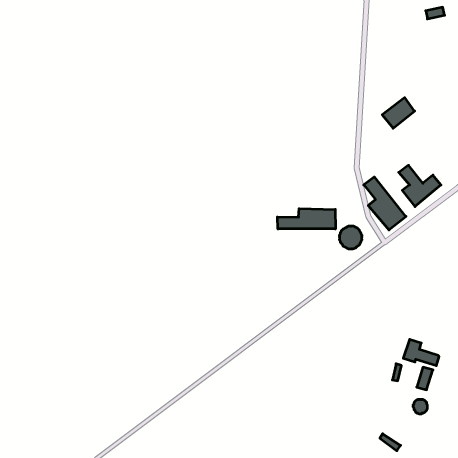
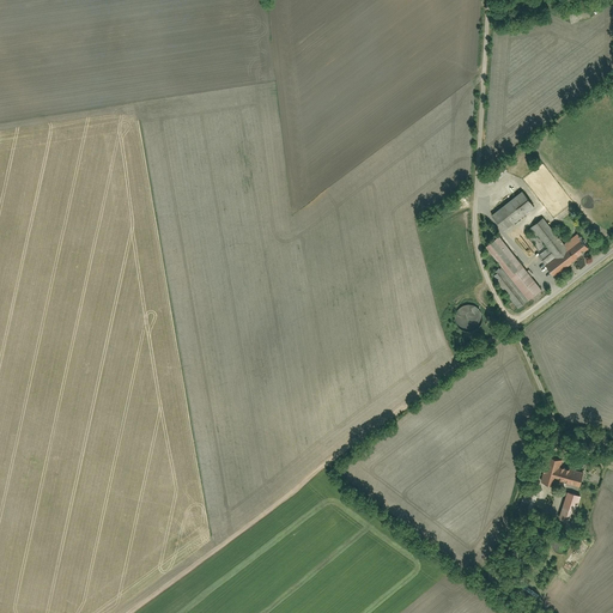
building: [382,98,415,128] -> [492,193,535,233]
building: [277,209,335,229] -> none

